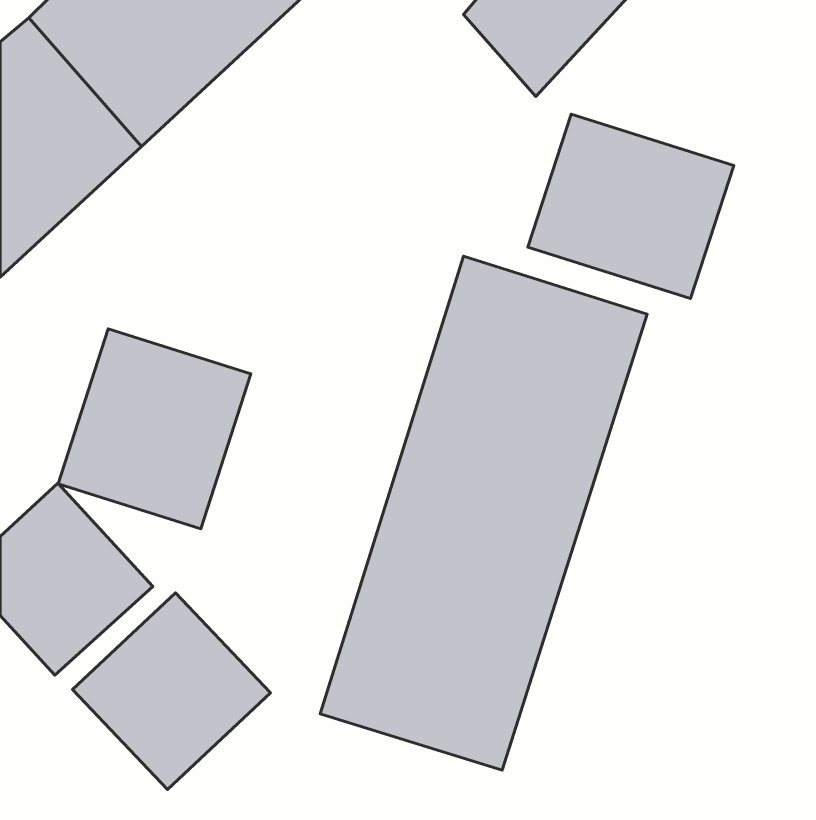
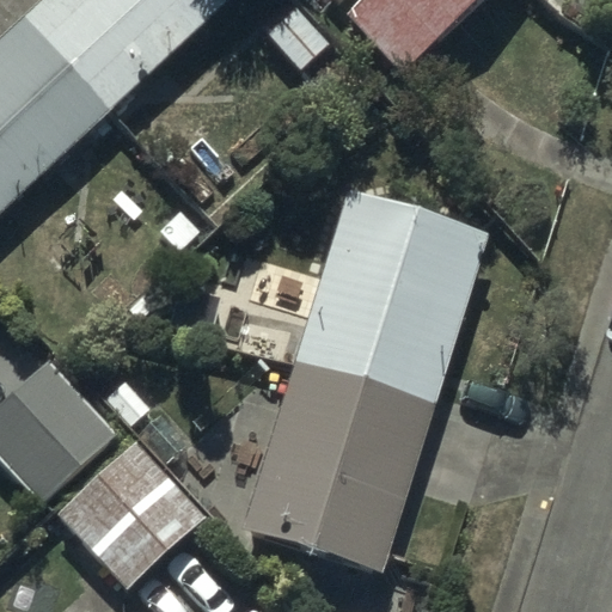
building: [528,114,734,298] -> none
building: [58,329,251,529] -> none

